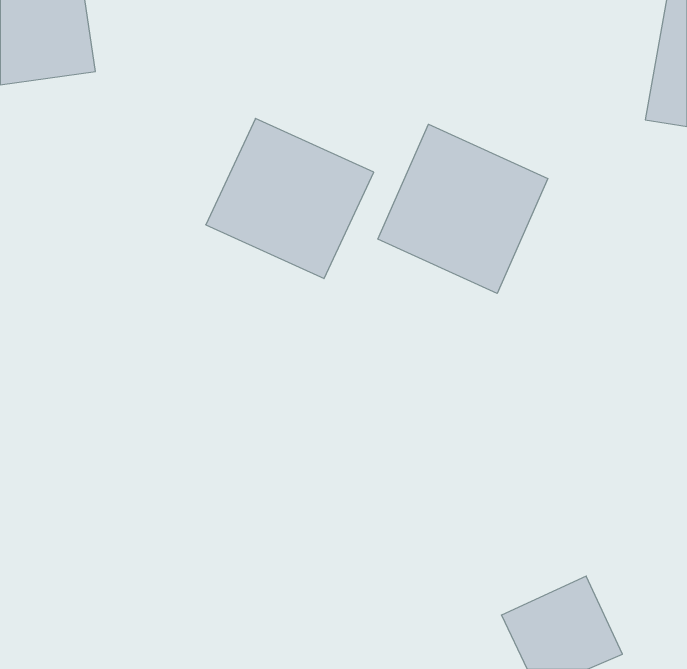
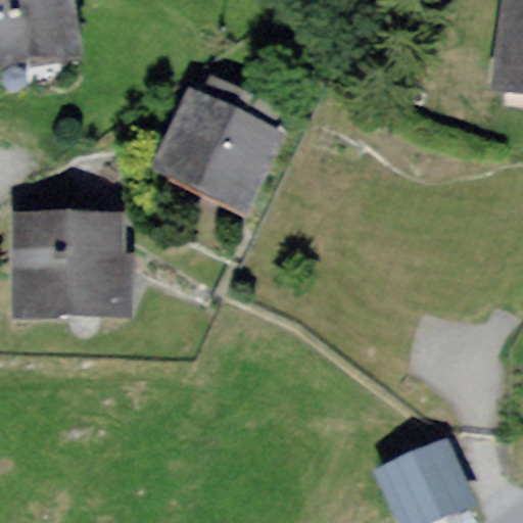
building: [378,124,548,293] -> none
building: none -> [10,212,130,308]

